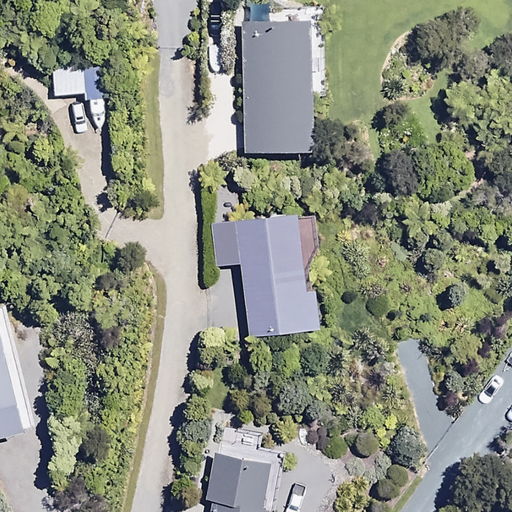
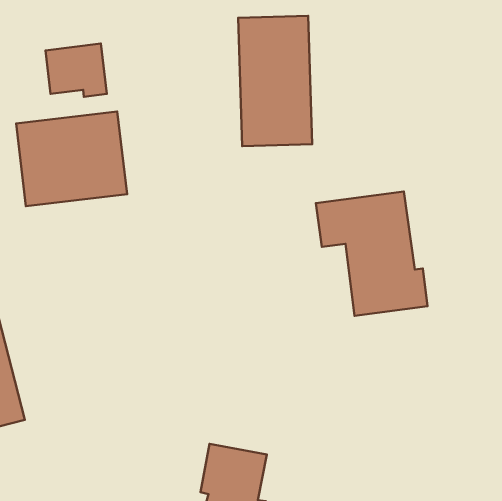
building: none -> [16,112,127,206]
building: [209,212,322,338] -> [316,191,428,316]

